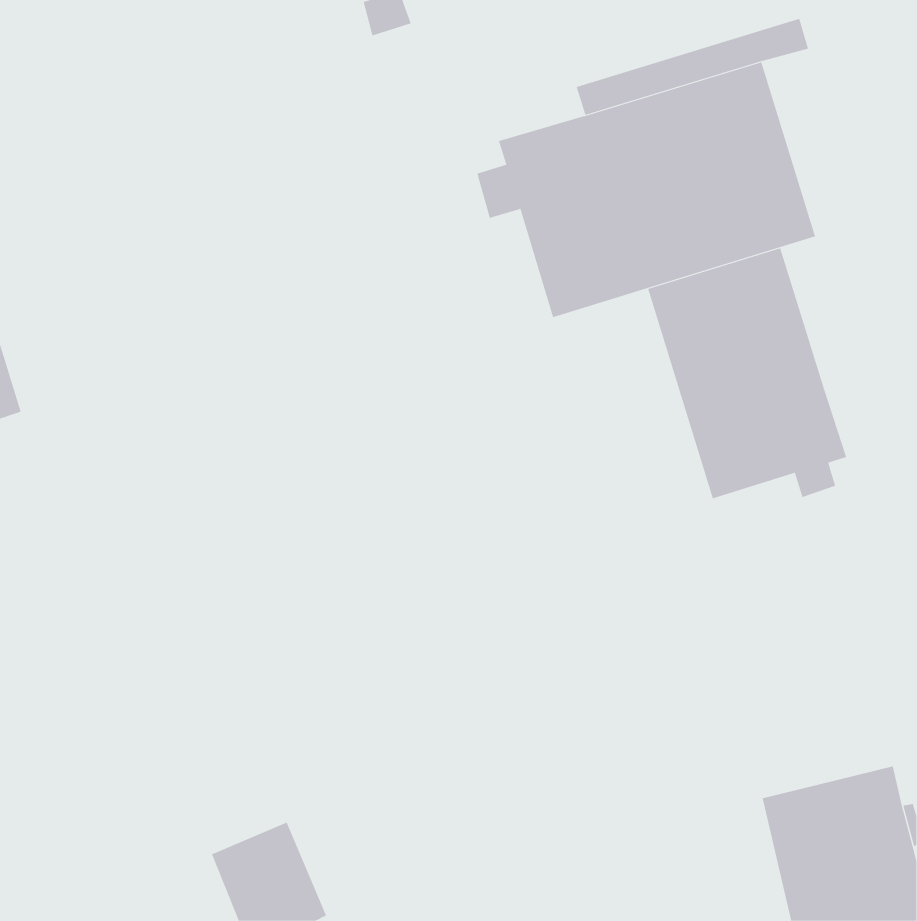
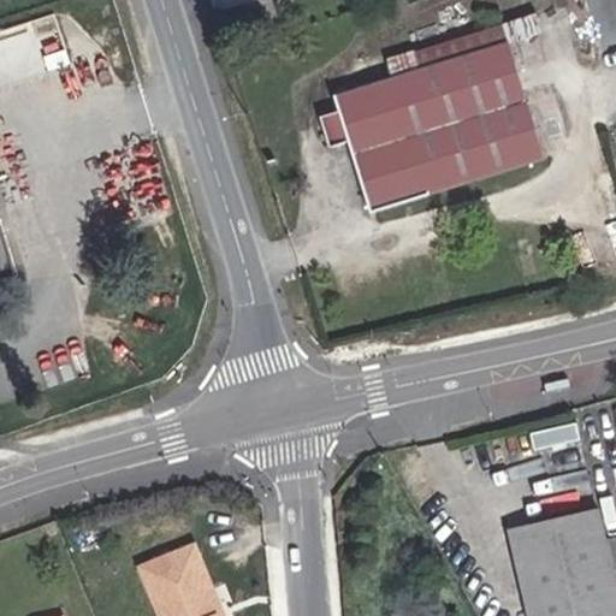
building: [648,248,847,499] -> none

